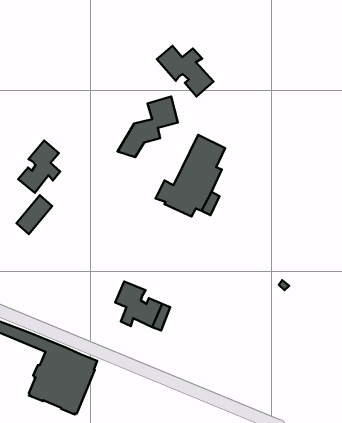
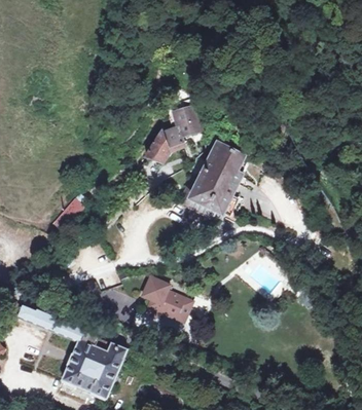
building: [157,46,214,96] -> none
building: [18,141,60,193] -> none

